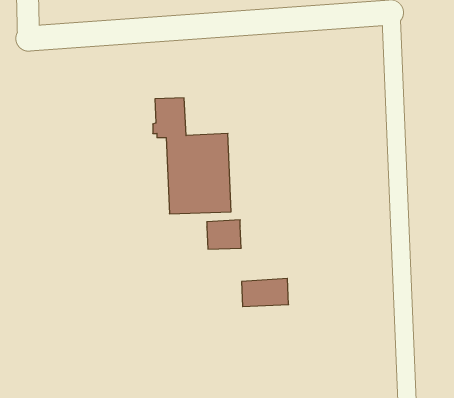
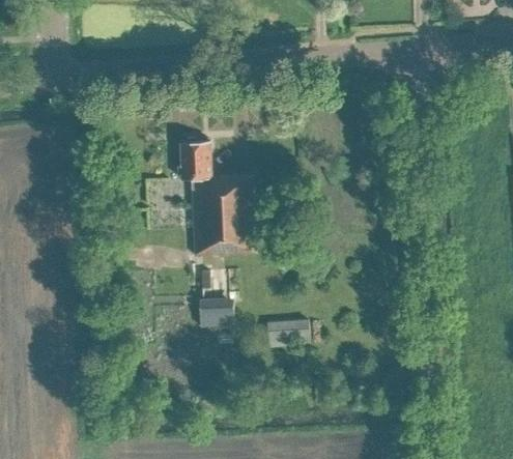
building: [207,220,241,249] -> [200,296,234,325]

